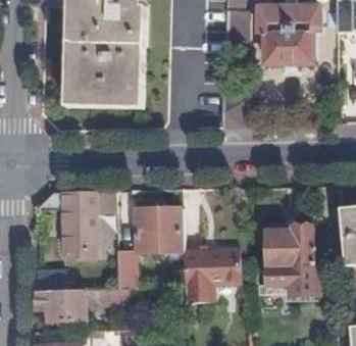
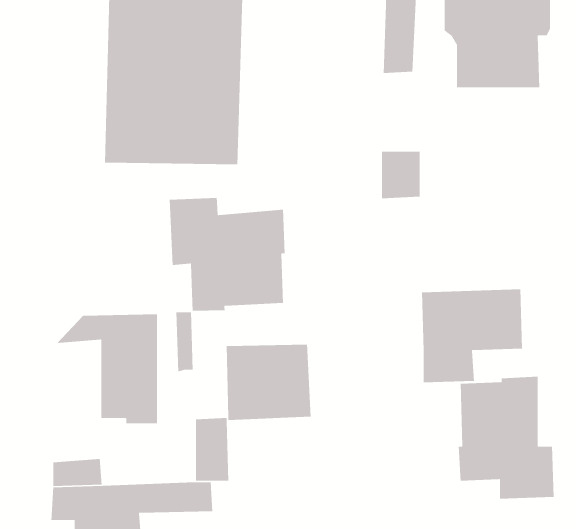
building: none -> [169,197,285,312]
building: [182,249,240,303] -> [421,288,523,383]

